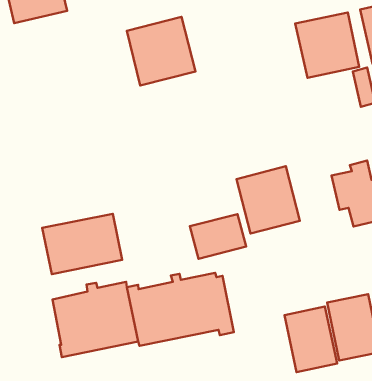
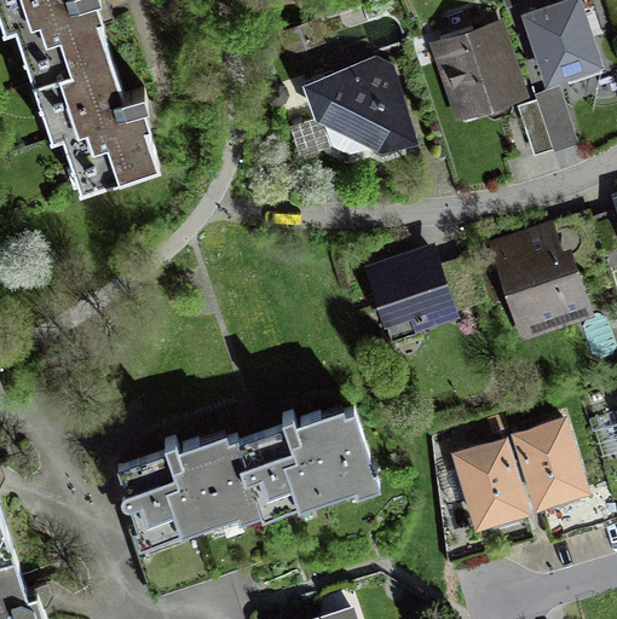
building: none -> [35,57,152,190]
building: [127,17,196,85] -> [310,57,411,158]
building: [42,214,122,274] -> none
building: [190,214,246,259] -> none

